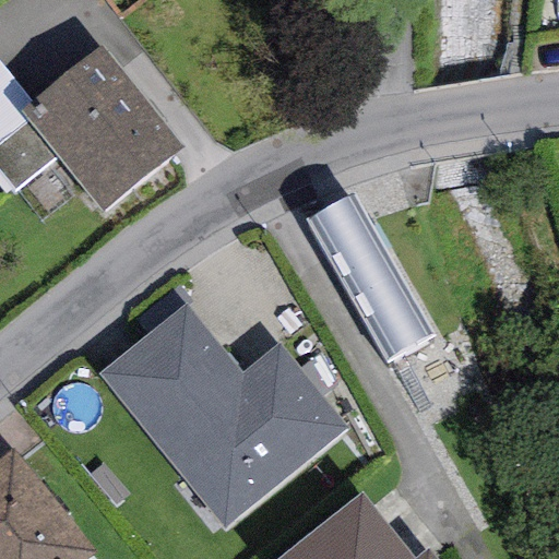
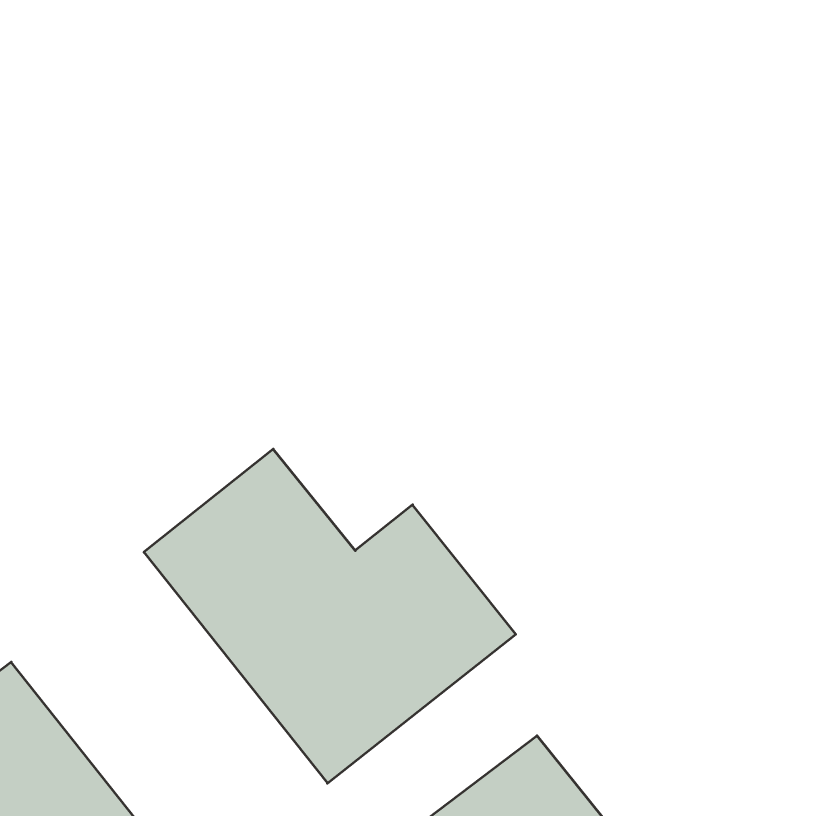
building: [20,47,182,213] -> none
building: [307,194,436,365] -> none

